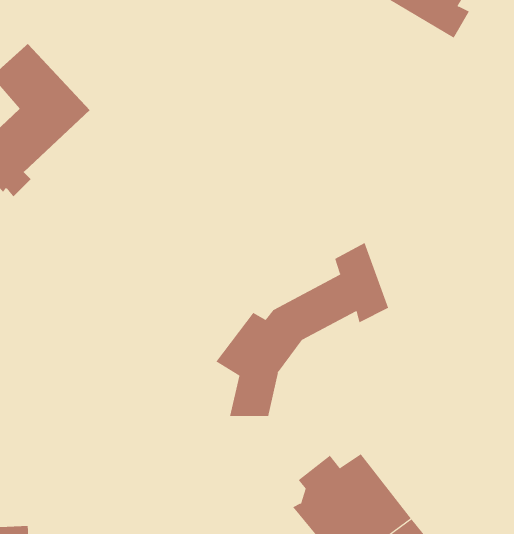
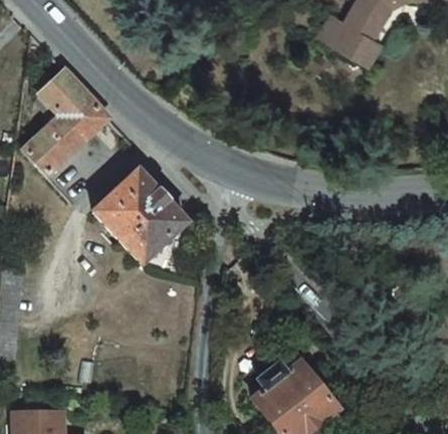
building: none -> [92,169,185,263]
building: [215,242,389,417] -> none

